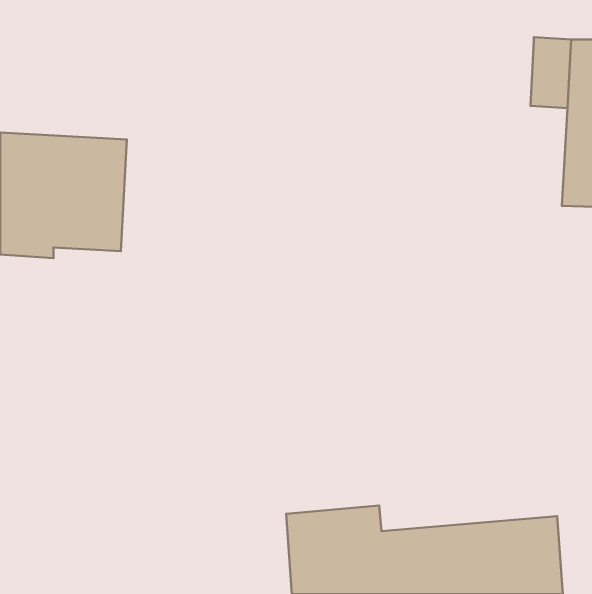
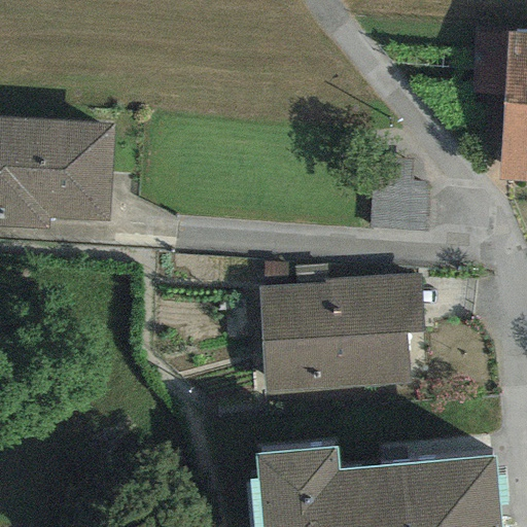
building: none -> [258,274,424,393]

